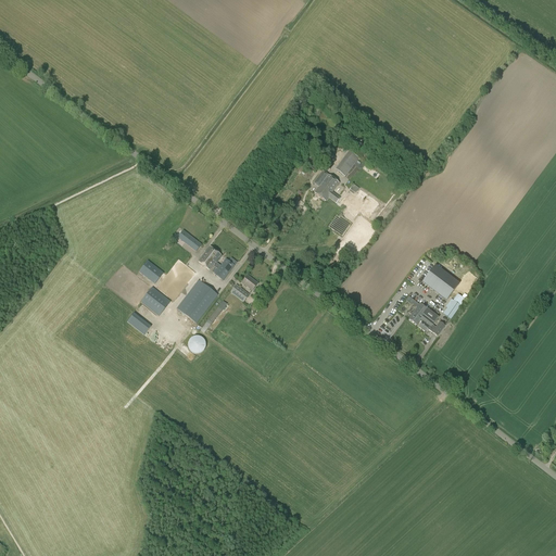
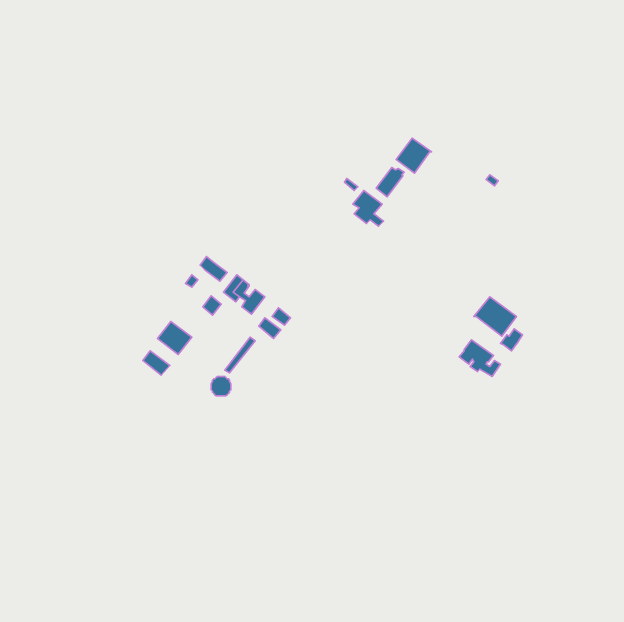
building: none -> [396,138,432,173]
building: [138,258,181,296] -> none
building: [176,278,218,323] -> none

